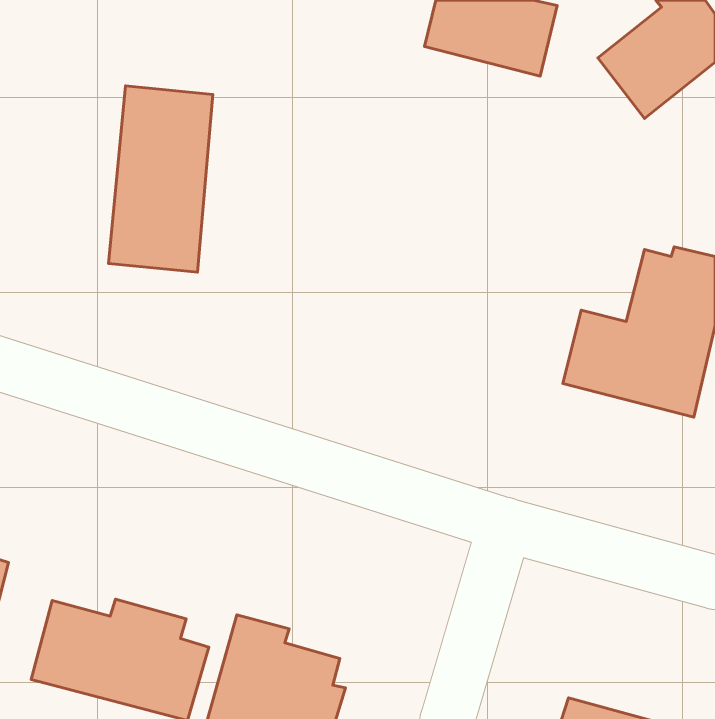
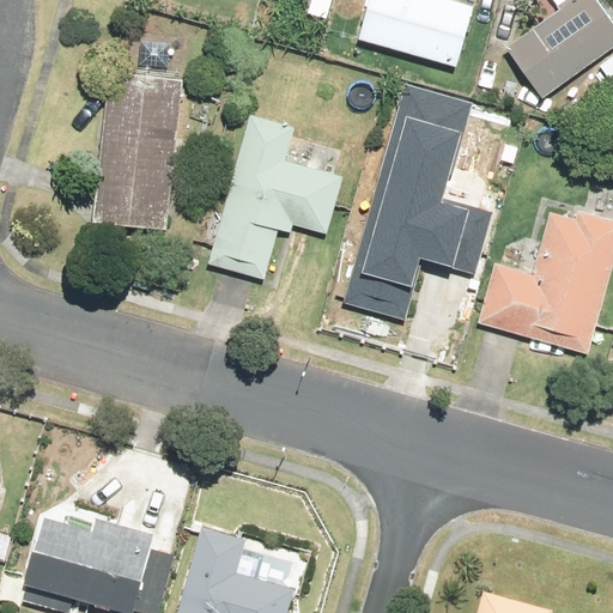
building: none -> [344,89,493,321]
building: none -> [207,114,344,281]

